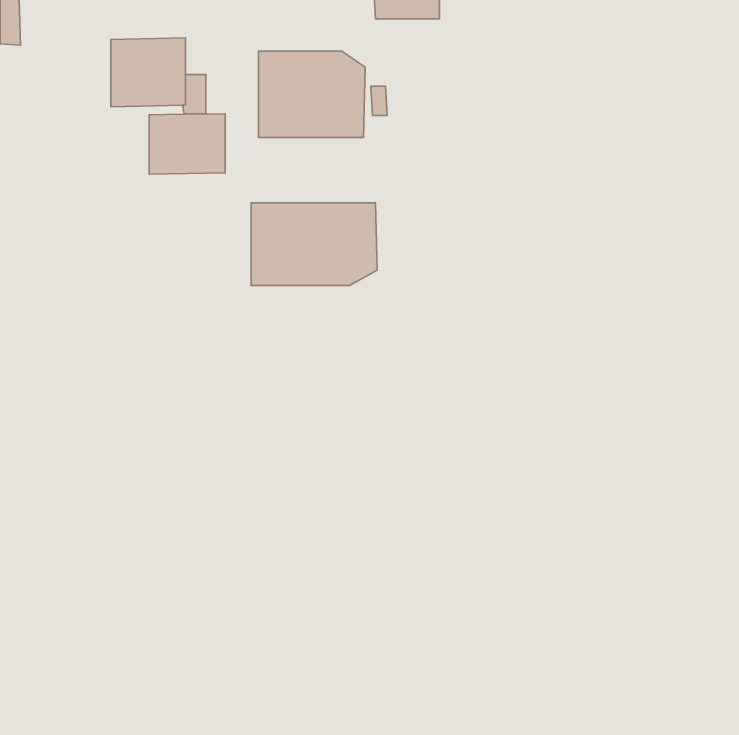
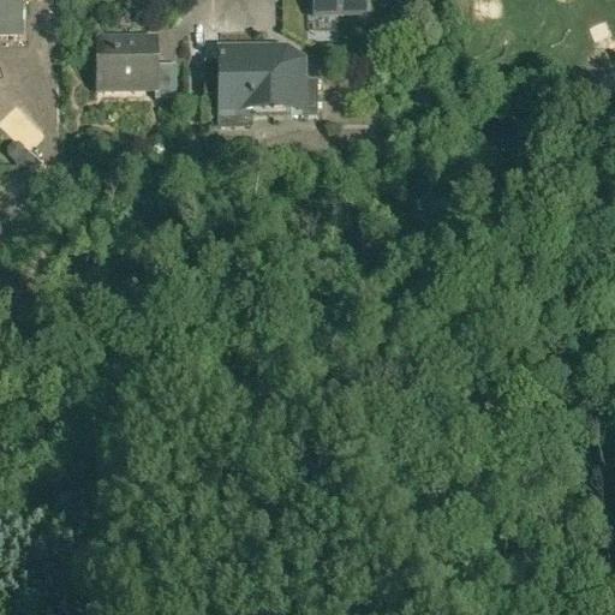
building: [149,114,225,174] -> none
building: [251,203,377,286] -> none

